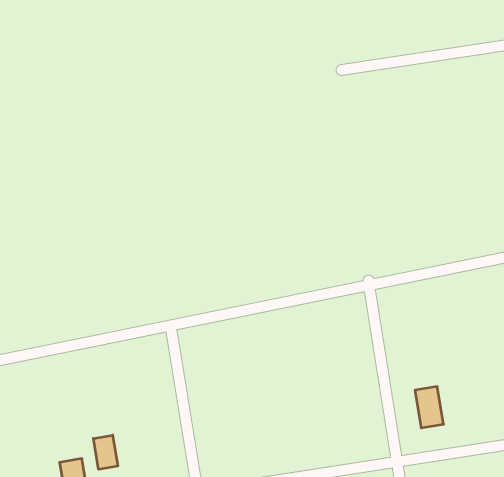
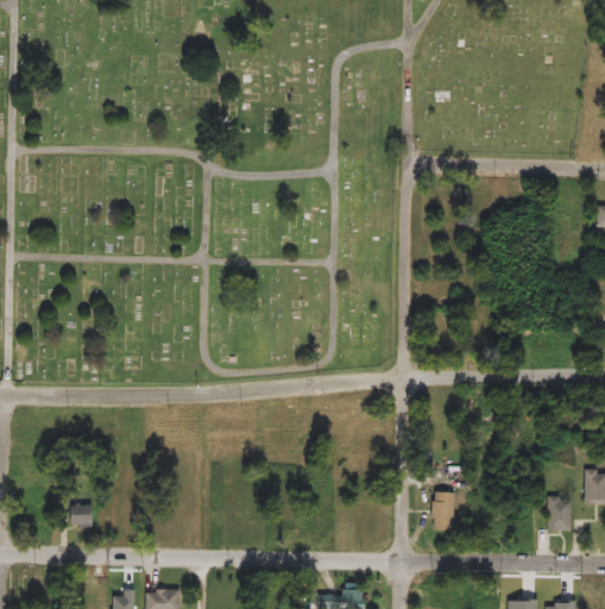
building: [93,435,118,469] -> none

